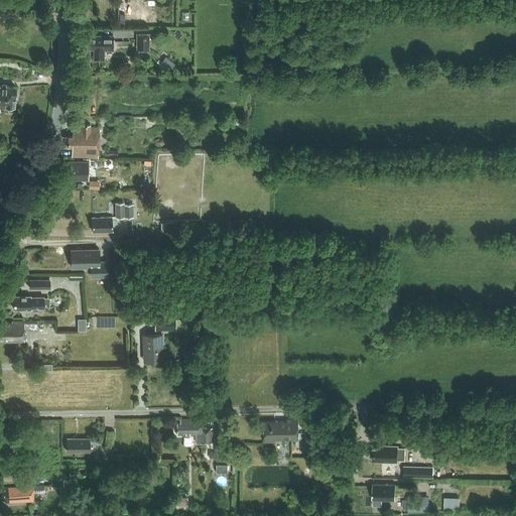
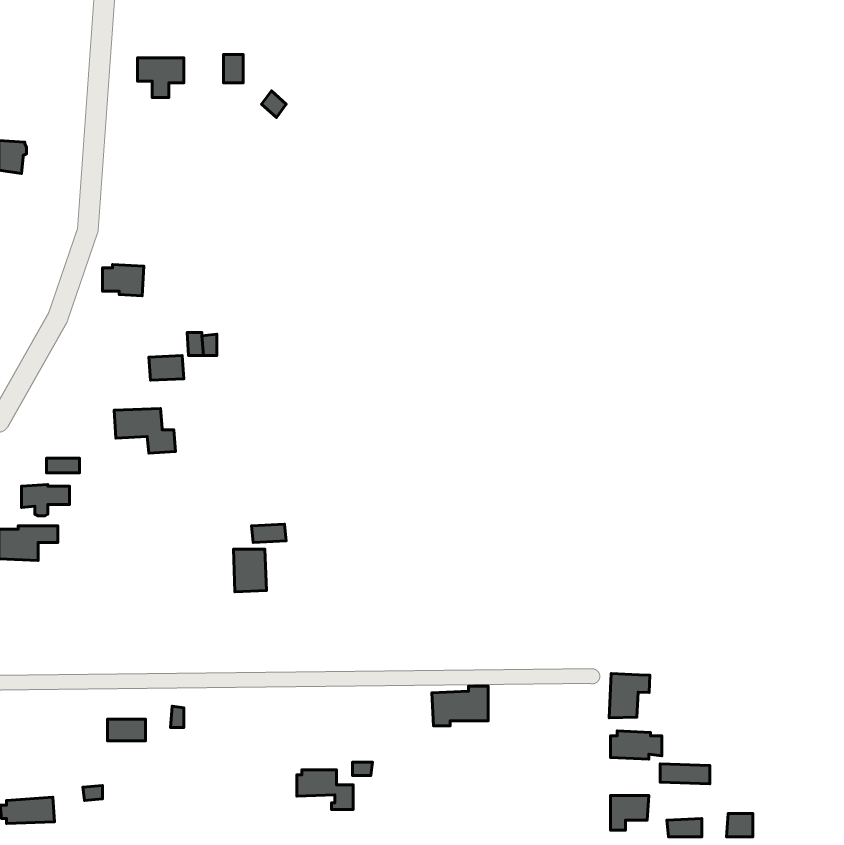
building: [67,124,99,158] -> none
building: none -> [609,674,650,718]
building: [176,419,211,443] -> [297,770,353,810]

